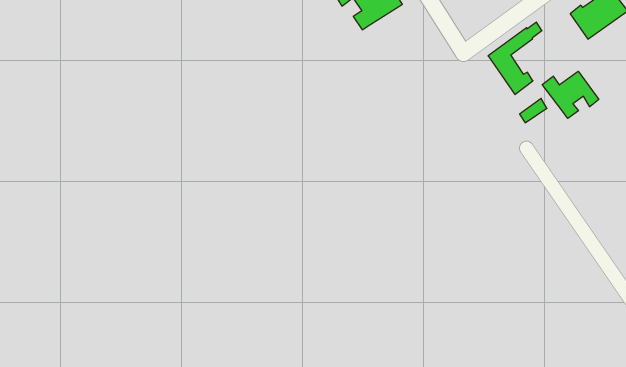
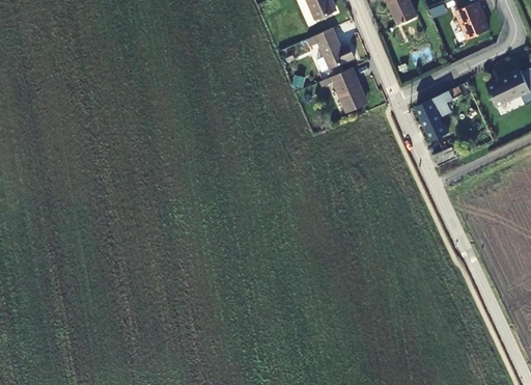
building: none -> [325,67,366,114]
building: [542,71,599,118] -> none

